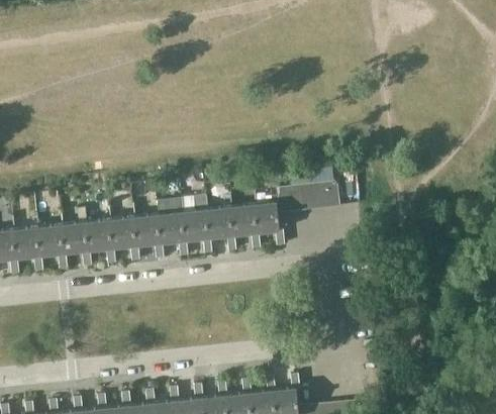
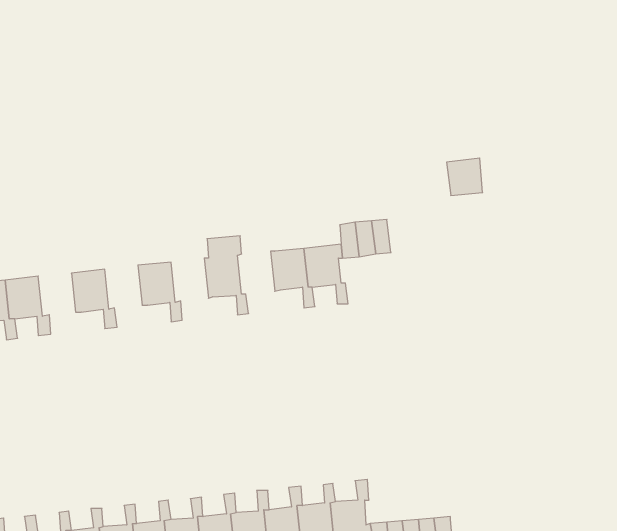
building: [313,181,339,208] -> [447,158,483,195]
building: [204,193,236,250] -> none
building: [156,212,188,255] -> none
building: [107,217,140,261] -> none
building: [59,223,92,266] -> none

